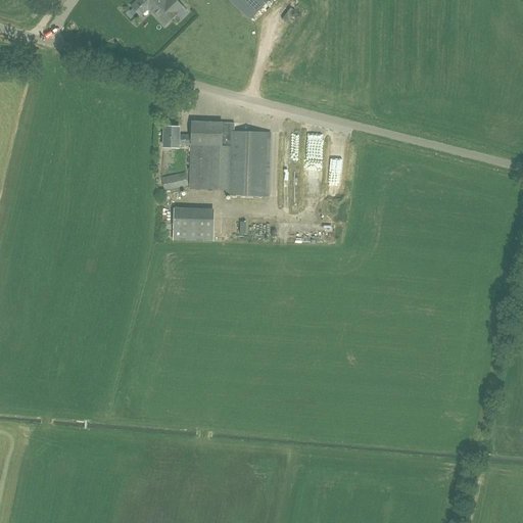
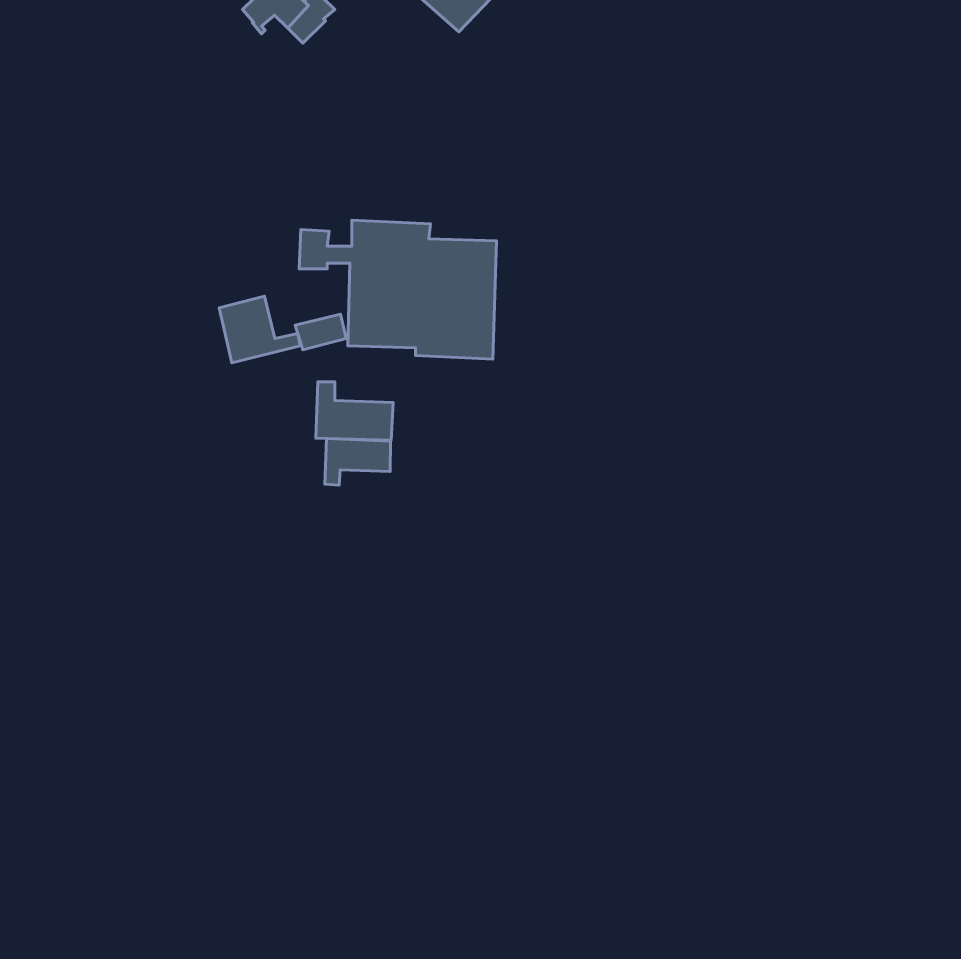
building: none -> [219,296,300,363]
building: none -> [325,438,391,485]

